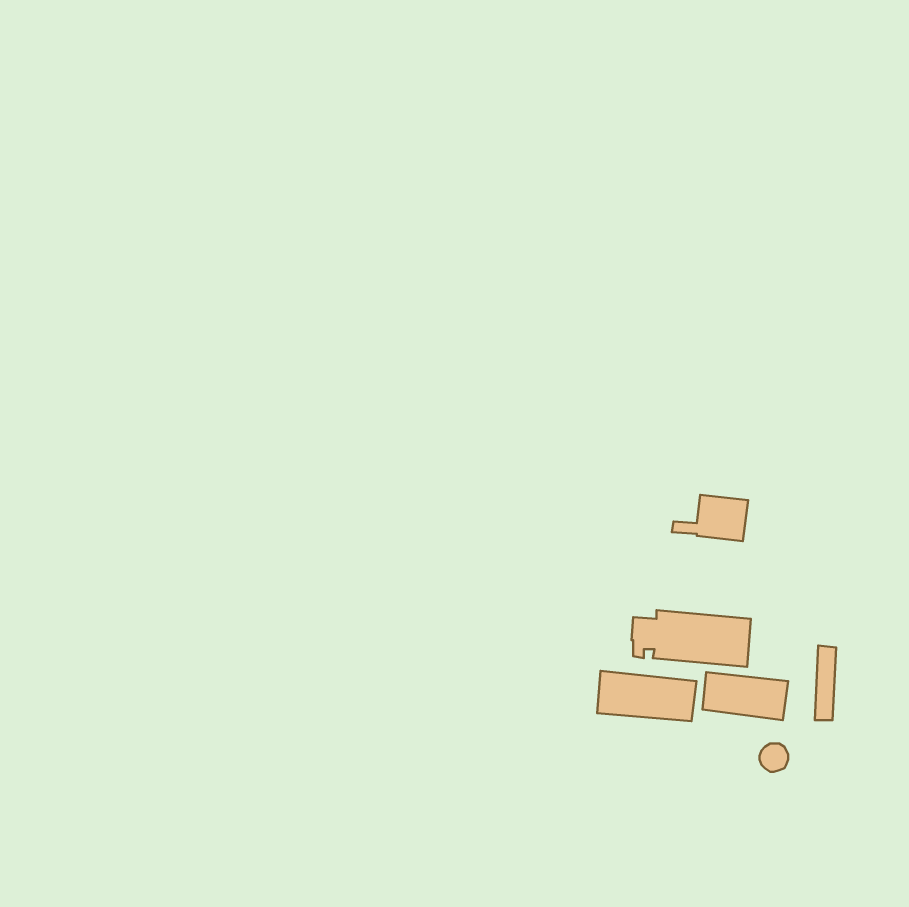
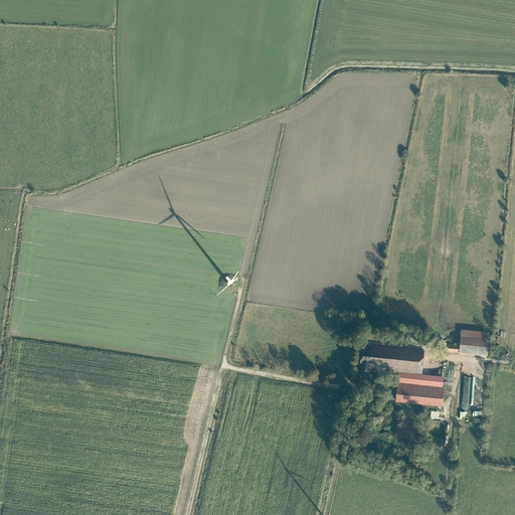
building: [672,495,748,541] -> [444,329,487,355]
building: [597,671,696,721] -> none

